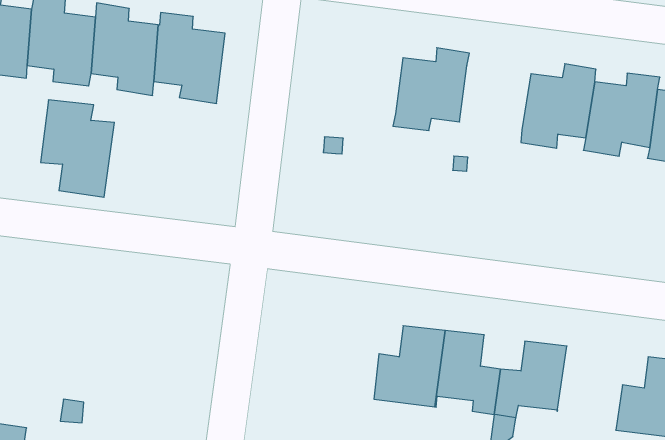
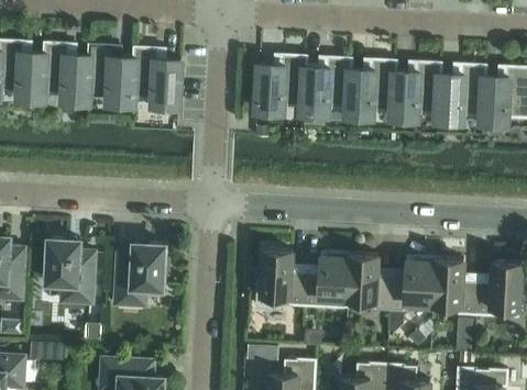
building: none -> [257,56,307,114]
building: none -> [348,60,396,120]
building: [41,100,114,197] -> [46,239,96,304]
building: none -> [114,244,168,308]
building: none -> [255,250,305,310]
building: none -> [432,259,476,315]

